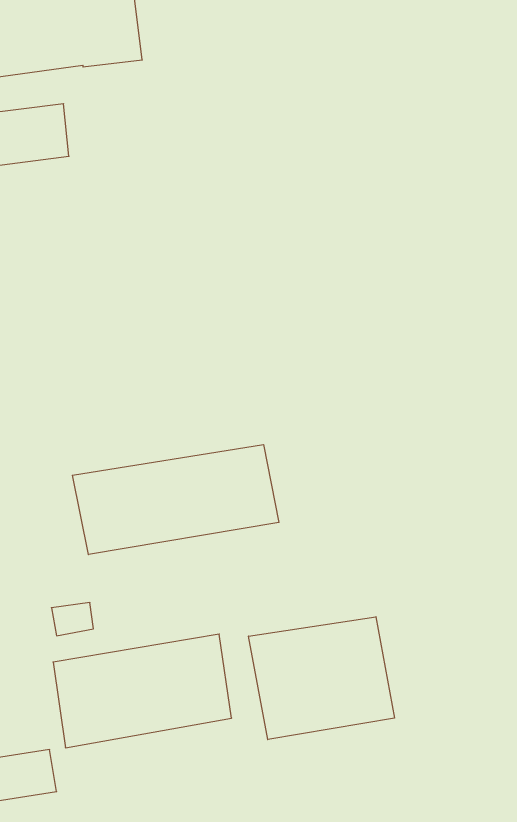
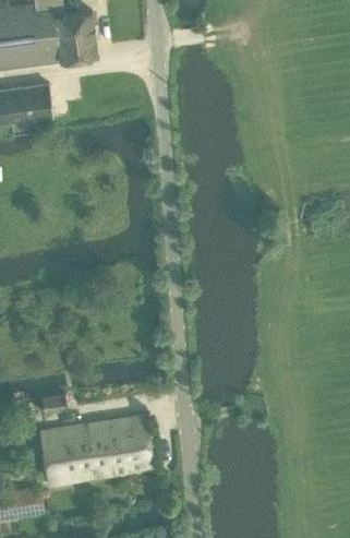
building: [72,445,279,555] -> none
building: [249,617,394,740] -> none

